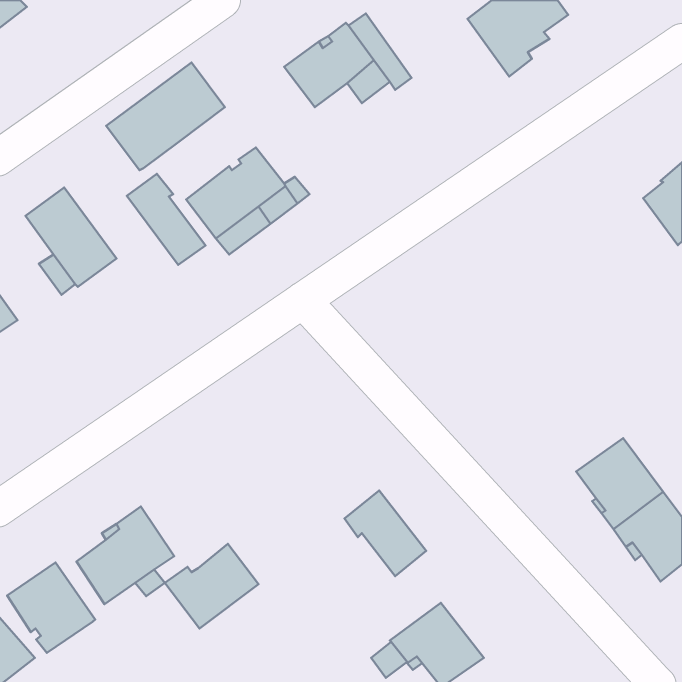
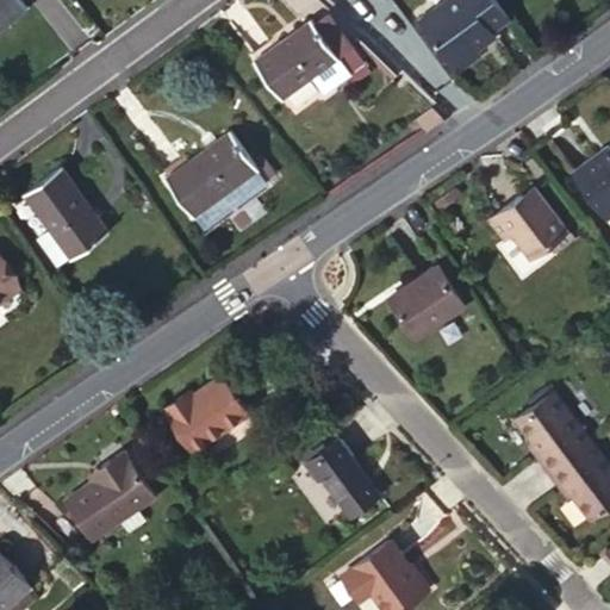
building: [106,63,225,170] -> none
building: [127,174,206,265] -> none
building: none -> [485,193,569,266]
building: none -> [390,267,466,340]
building: [165,544,259,628] -> [161,378,244,453]
building: [7,562,95,653] -> none

